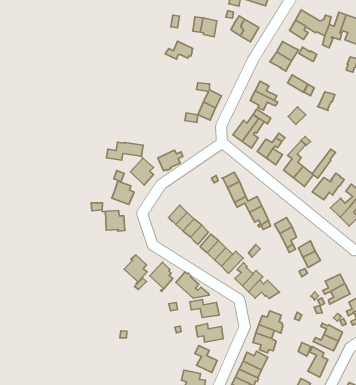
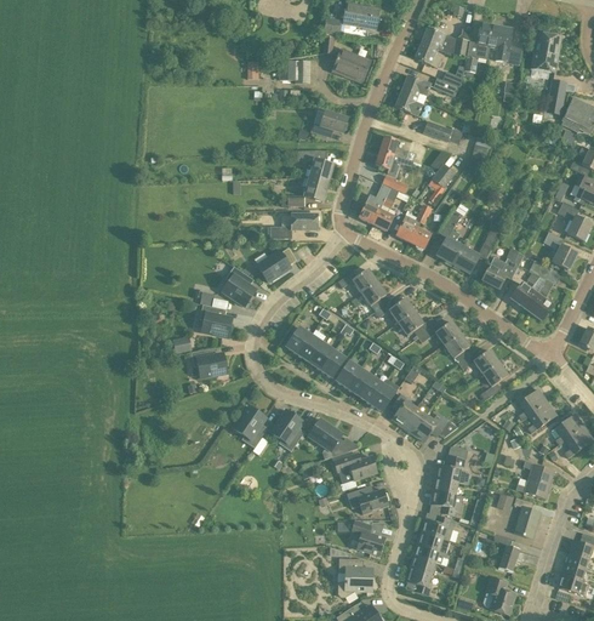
building: [165,41,193,59] -> [310,110,348,136]
building: [107,142,143,160] -> [269,212,318,238]

